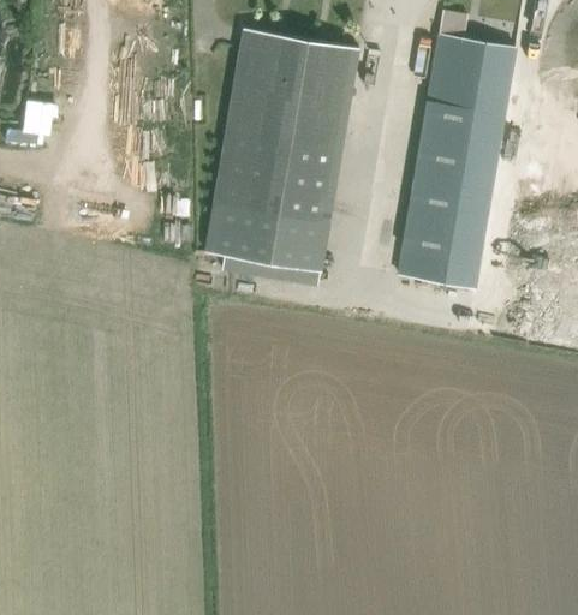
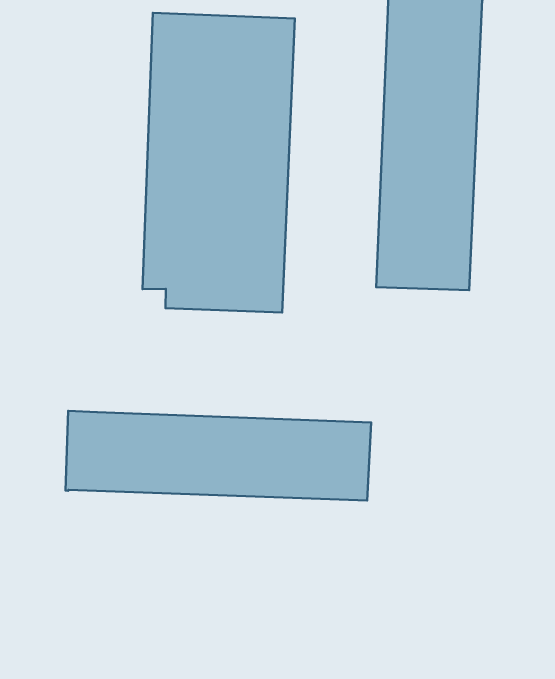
building: none -> [65,411,371,501]

